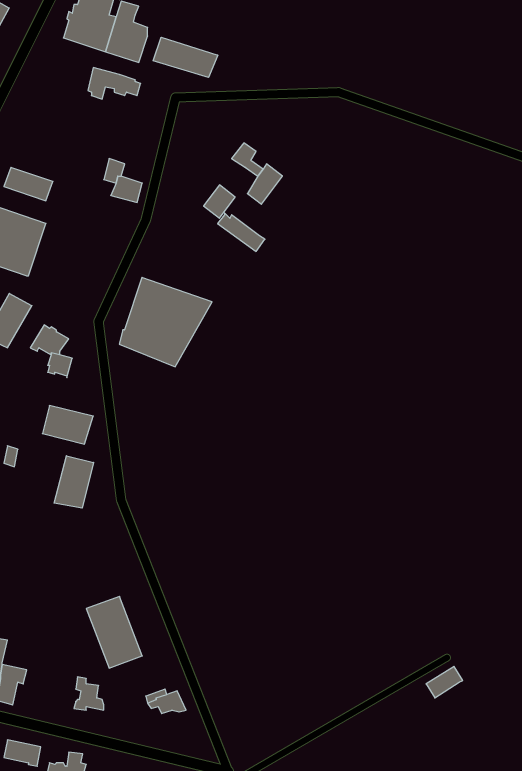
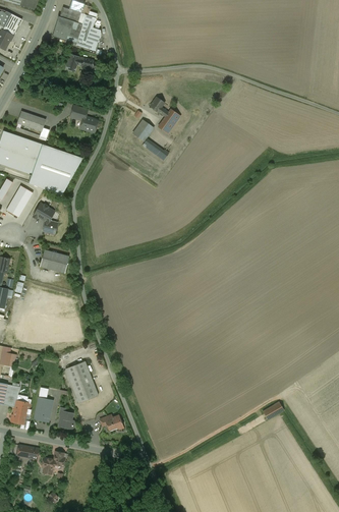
building: [153,37,218,77] -> none
building: [119,277,212,367] -> [27,144,81,195]
building: [54,456,94,508] -> none
building: none -> [33,387,52,421]

